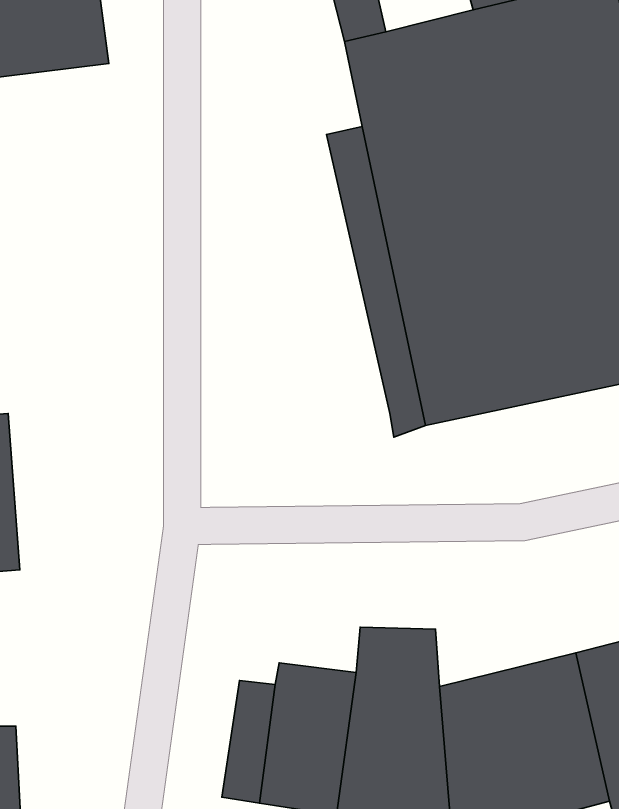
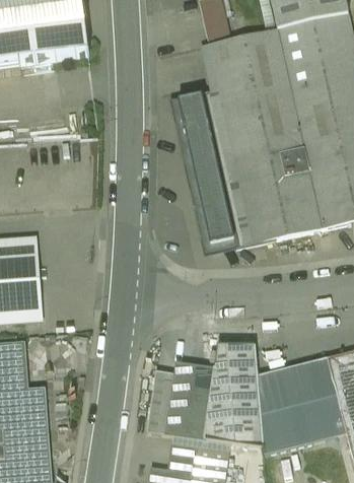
building: none -> [173,92,232,242]

